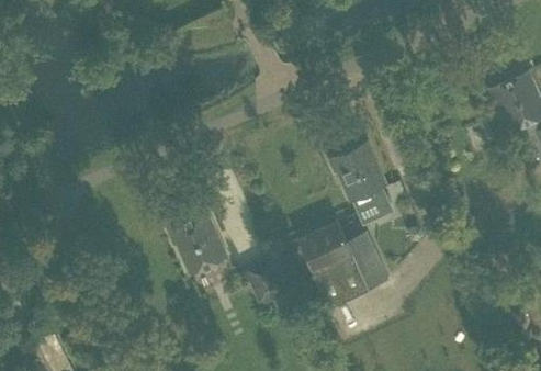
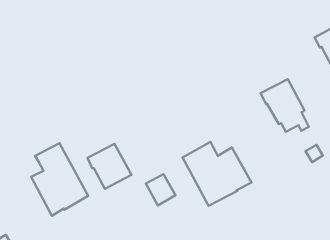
building: [329,143,392,214] -> [261,79,309,132]
building: none -> [31,143,88,216]

